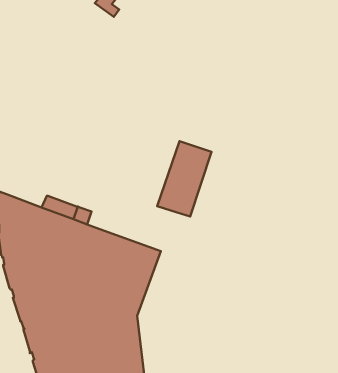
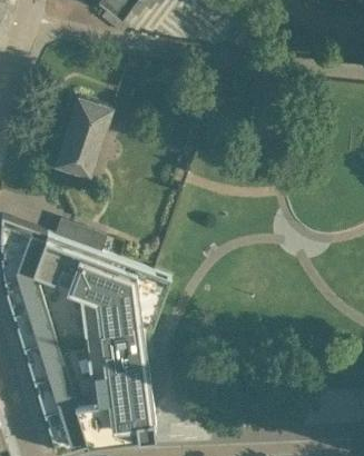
building: [157,141,211,217] -> [56,101,112,180]

